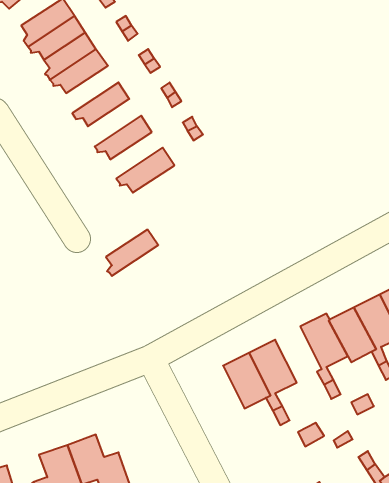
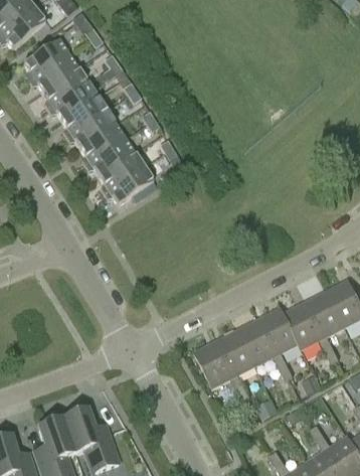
building: none -> [61,96,106,136]
building: none -> [79,124,125,164]
building: [106,230,158,276] -> [99,152,143,191]
building: none -> [238,317,278,364]

